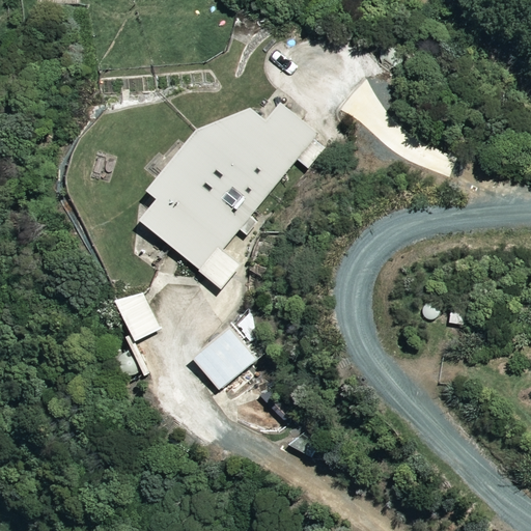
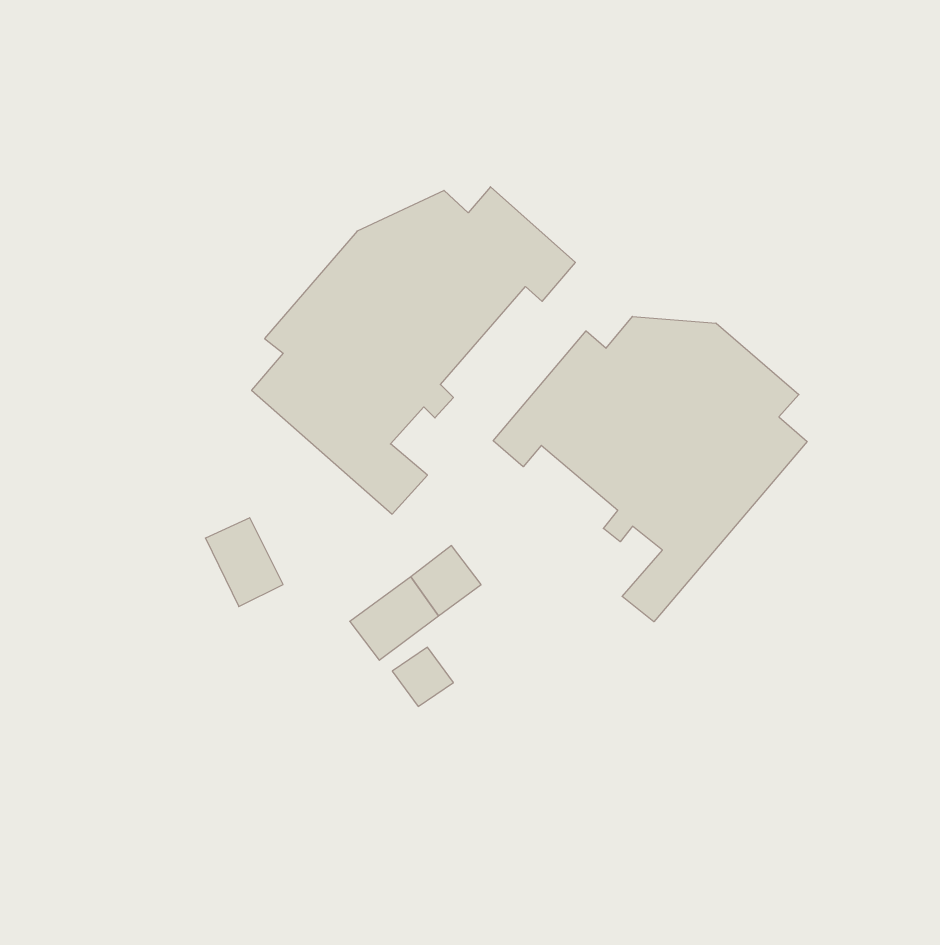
building: none -> [493,316,807,622]

